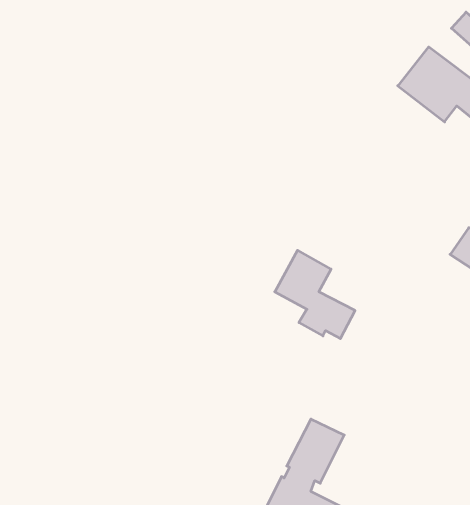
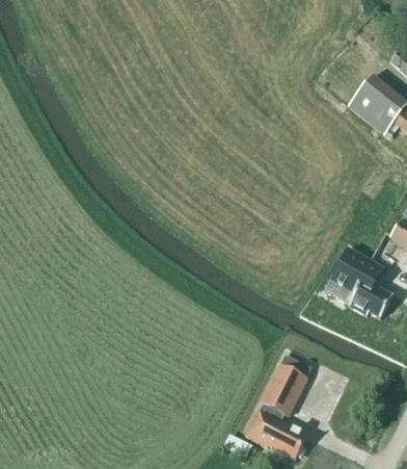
building: [275,250,355,339] -> [329,249,391,317]

